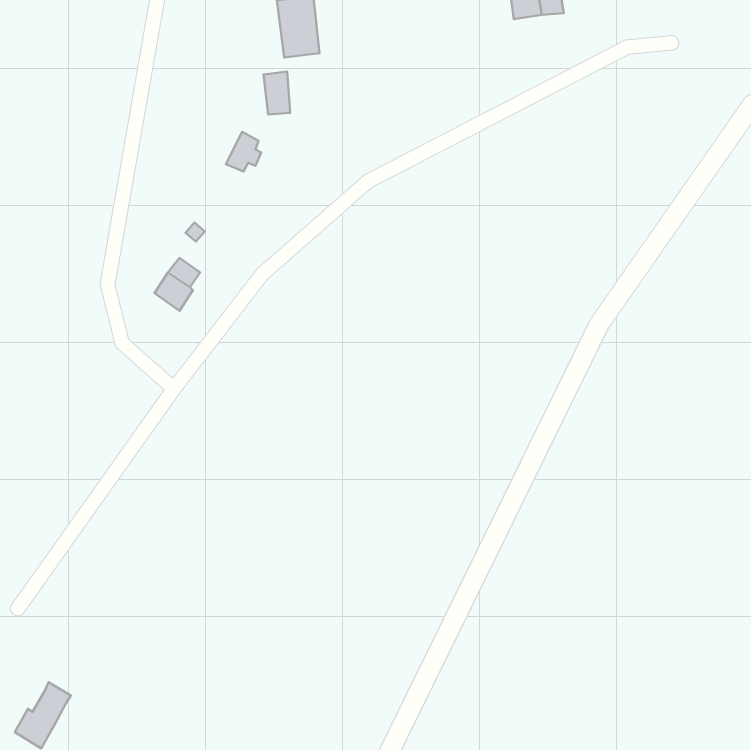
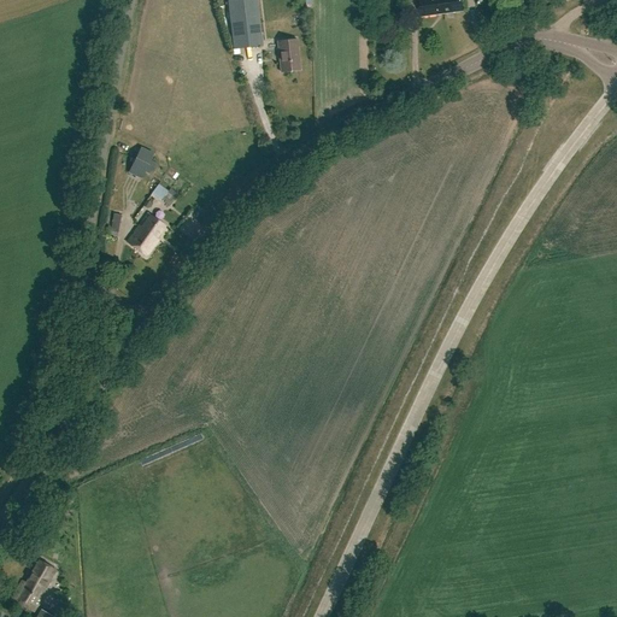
building: [264,72,290,114] -> [278,36,300,71]
building: [226,132,261,172] -> [128,143,157,176]

